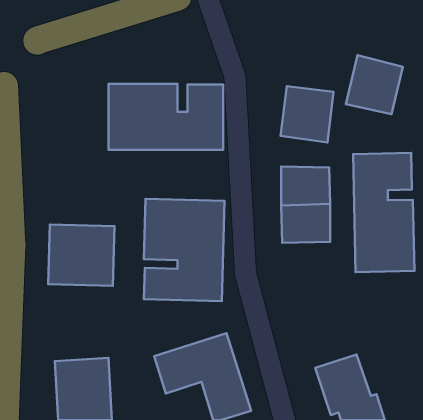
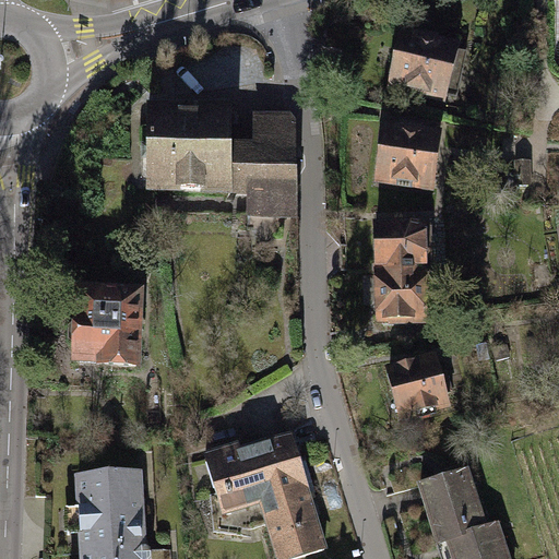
building: [346,55,403,114] -> [382,22,457,99]
building: [353,153,414,272] -> none
building: [144,199,225,301] -> none
building: none -> [380,349,452,423]

